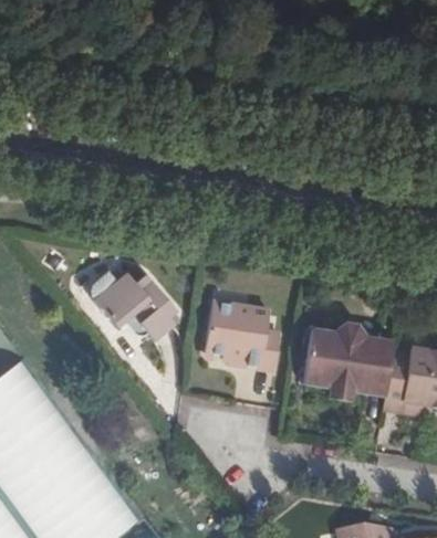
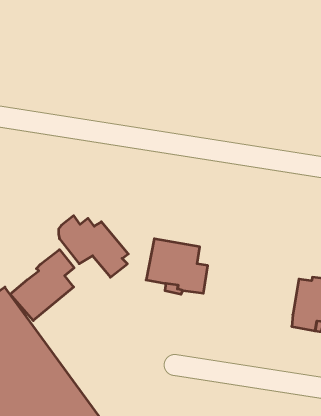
building: none -> [10,250,74,321]
building: [302,323,392,401] -> none

